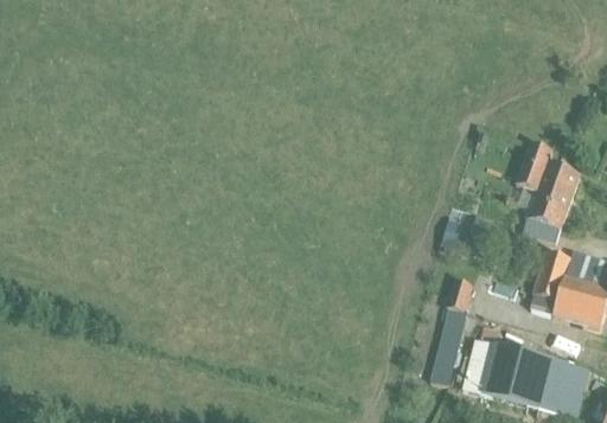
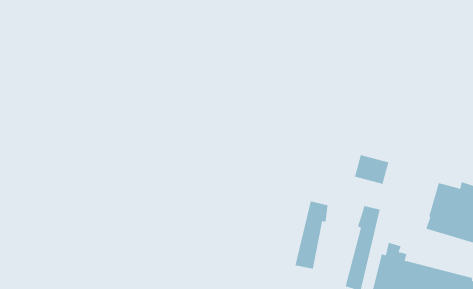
building: [516,141,582,242] -> none
building: none -> [295,201,328,269]

